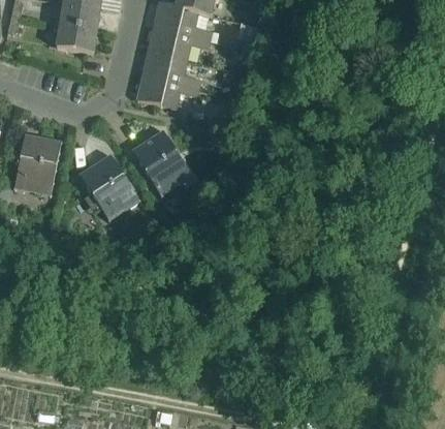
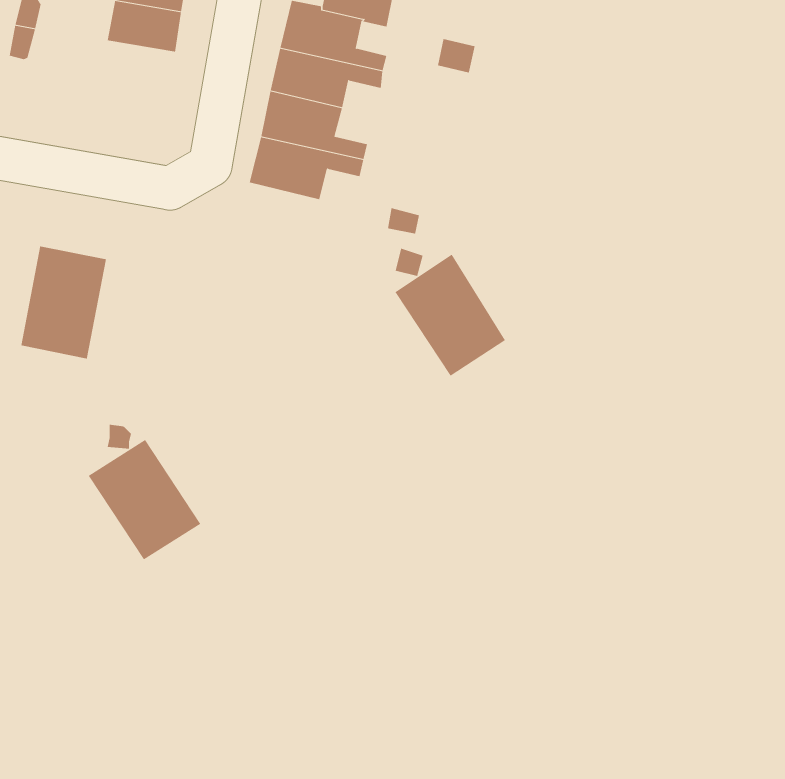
building: [58,23,98,52] -> none
building: [131,129,191,195] -> [394,254,506,377]
building: [78,154,139,219] -> [88,439,201,560]

